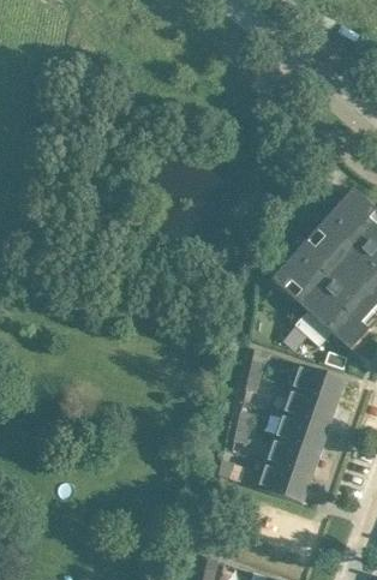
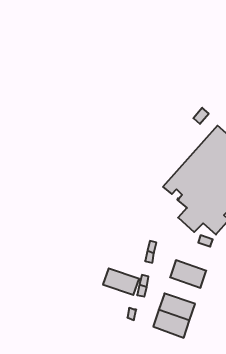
building: [291,363,346,403] -> none
building: [274,413,328,453] -> [103,268,139,295]

